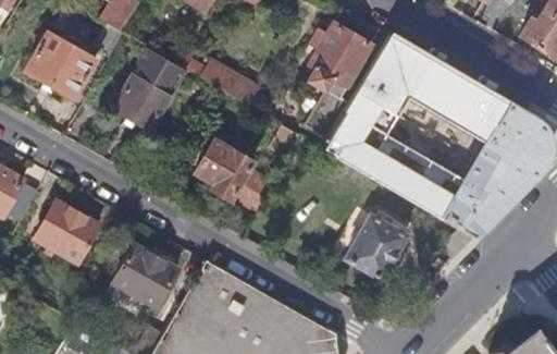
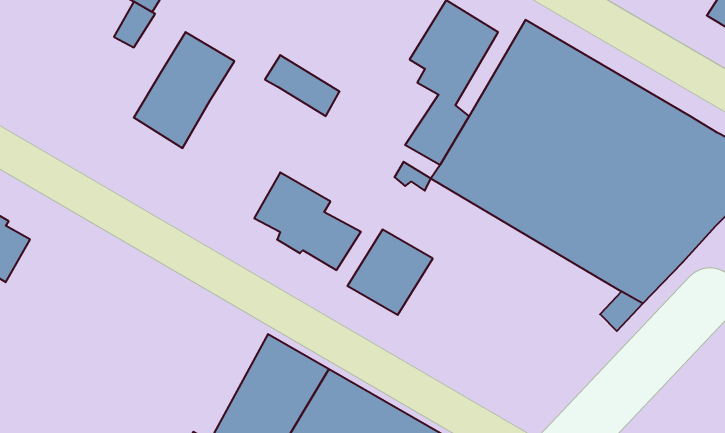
building: [25,29,96,96] -> none
building: [39,203,97,260] -> none
building: [346,213,407,274] -> [347,230,433,315]
building: [114,247,176,307] -> none

